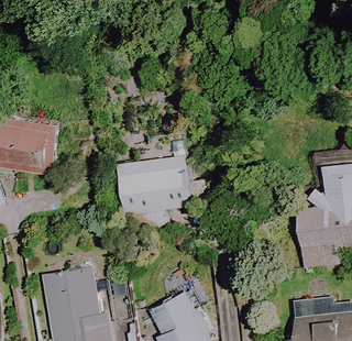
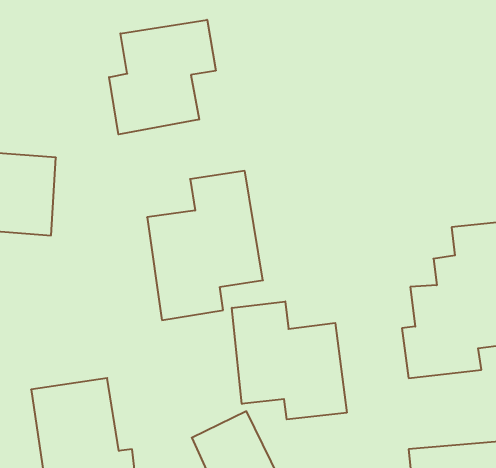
building: none -> [109,20,216,134]
building: none -> [232,301,347,419]

